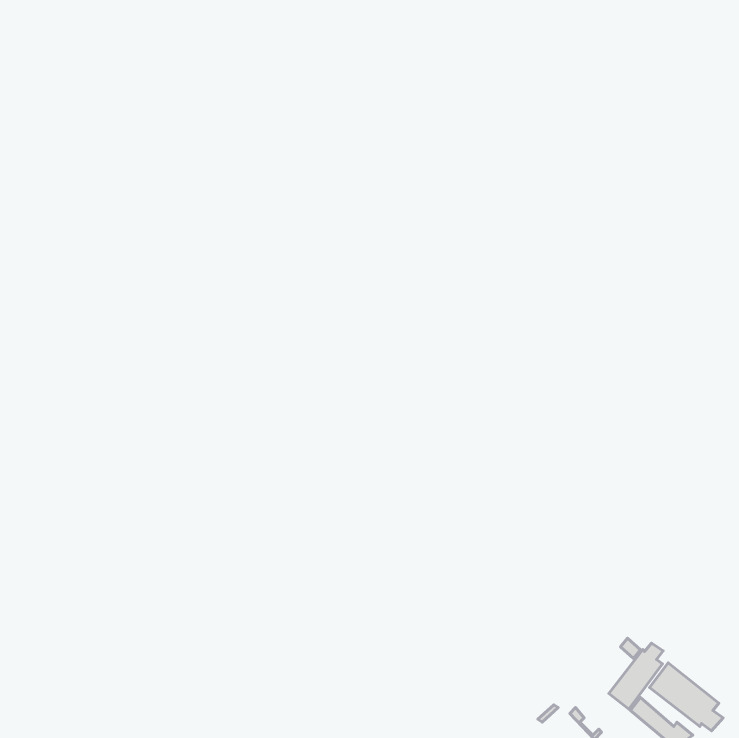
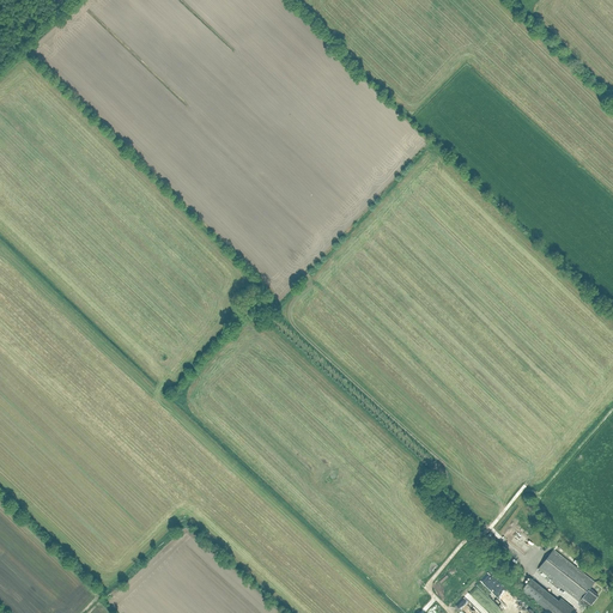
building: [609,643,663,709] -> none

